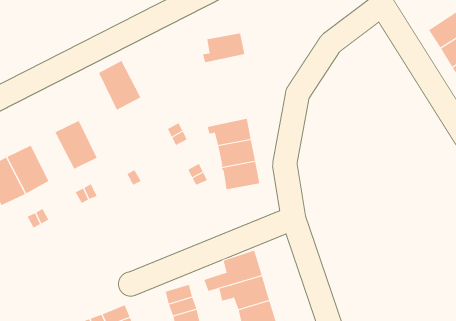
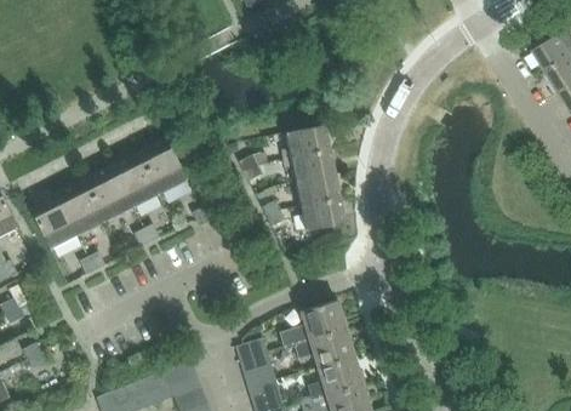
building: [202,33,245,63] -> [281,126,330,160]
building: [98,60,141,110] -> [139,138,188,195]
building: none -> [85,166,133,222]

